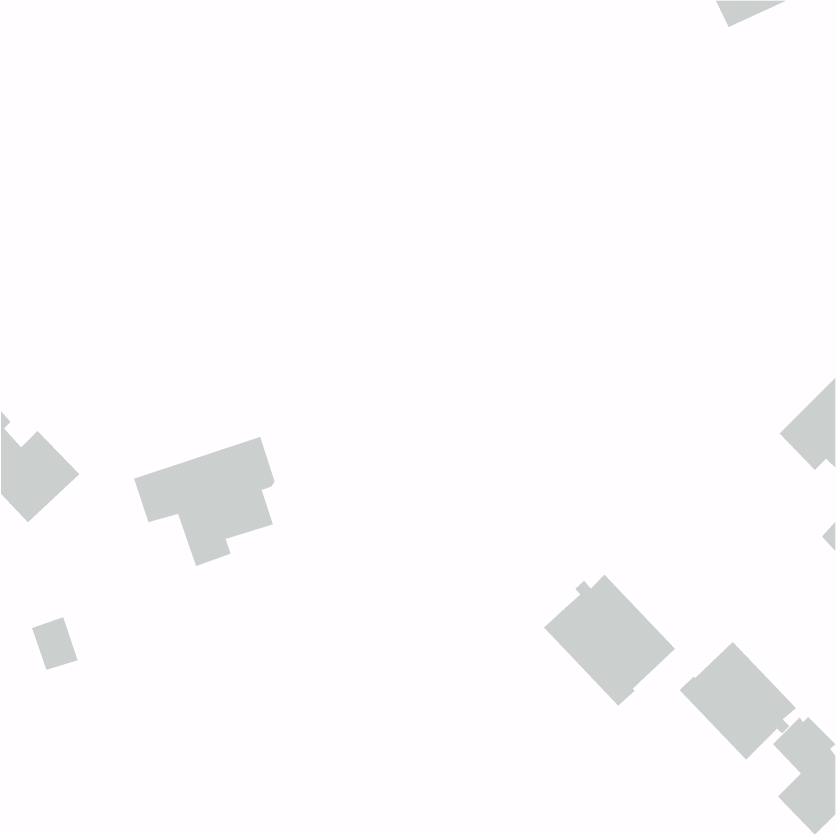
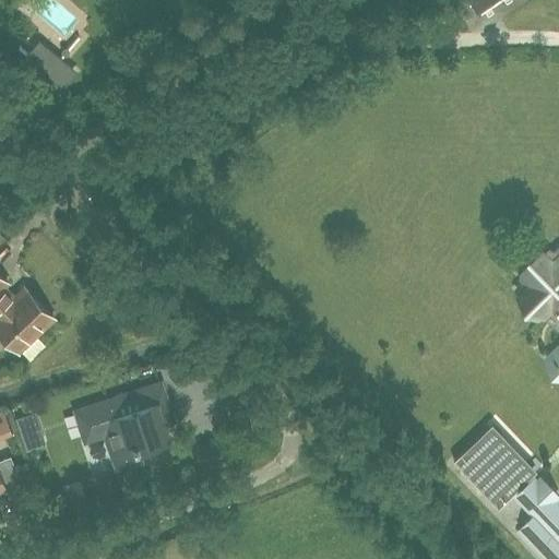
building: none -> [35,53,72,91]
building: [133,436,276,567] -> [76,383,171,471]
building: [543,574,676,706] -> none

